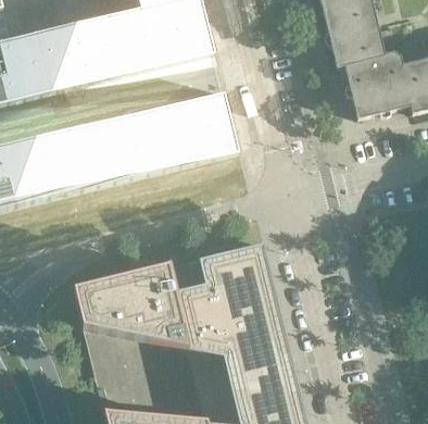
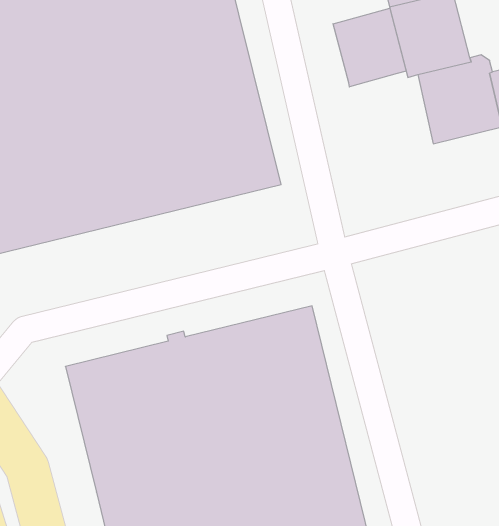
building: none -> [333,8,406,87]

